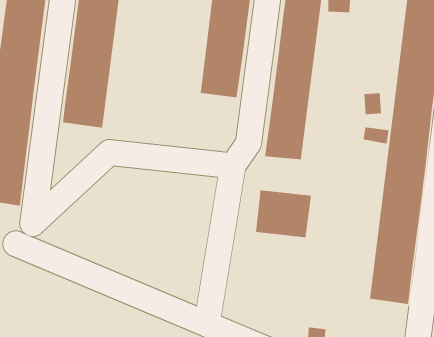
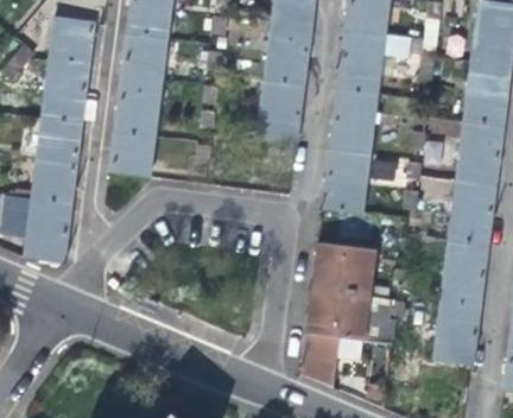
building: none -> [300,286,398,385]

